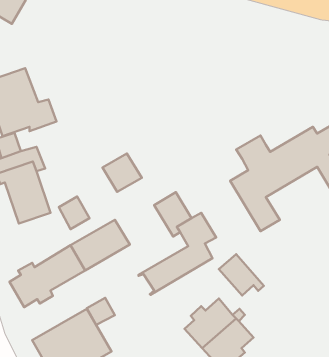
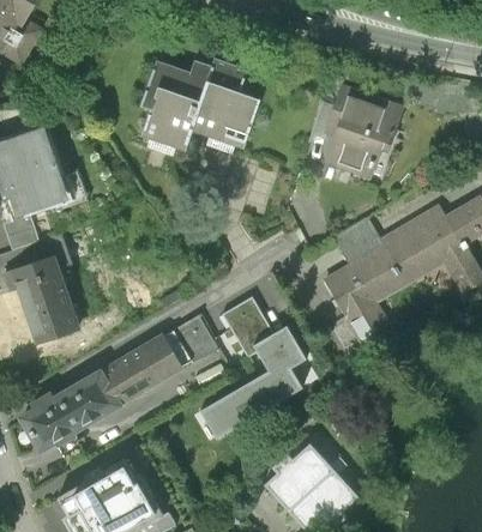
building: none -> [143,60,258,152]
building: none -> [326,86,399,165]
building: [102,154,142,192] -> [167,315,221,368]
building: [59,197,90,229] -> none
building: [219,254,264,296] -> none
building: [87,298,115,325] -> none

